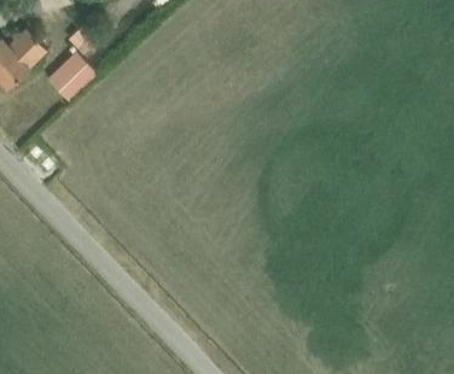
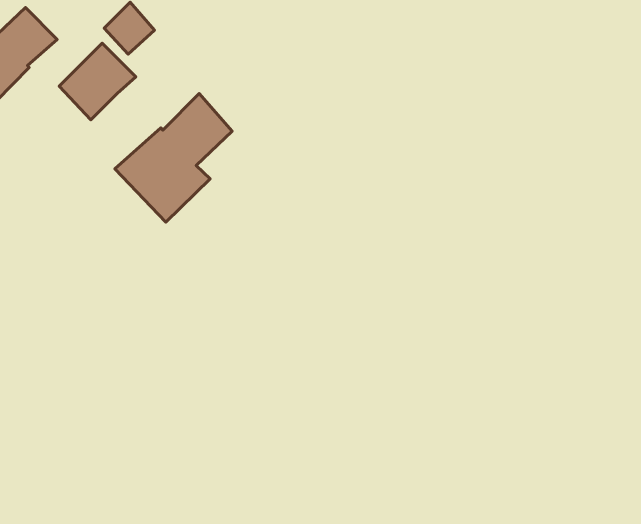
building: none -> [115,94,232,222]

